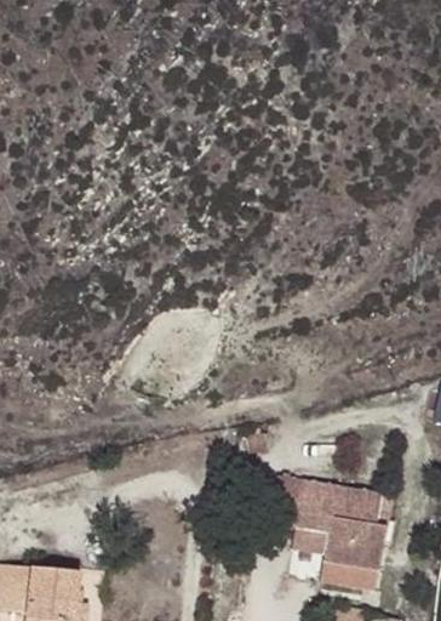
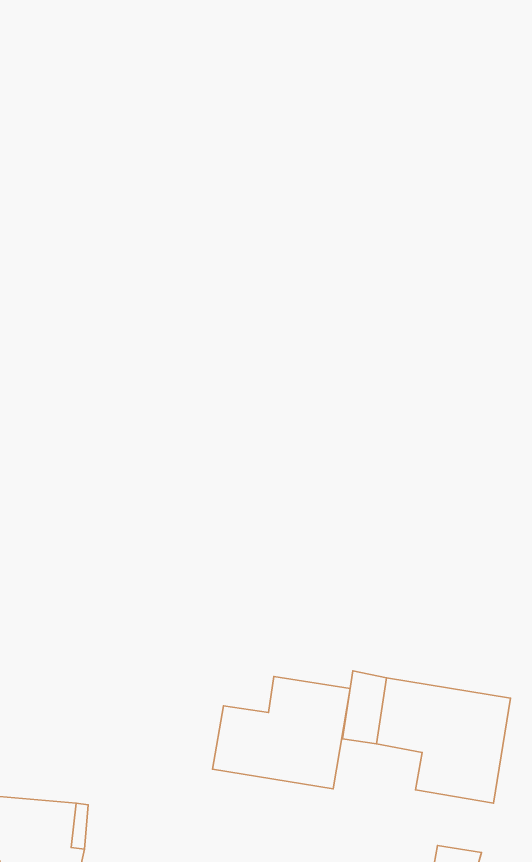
building: none -> [213,677,350,789]

